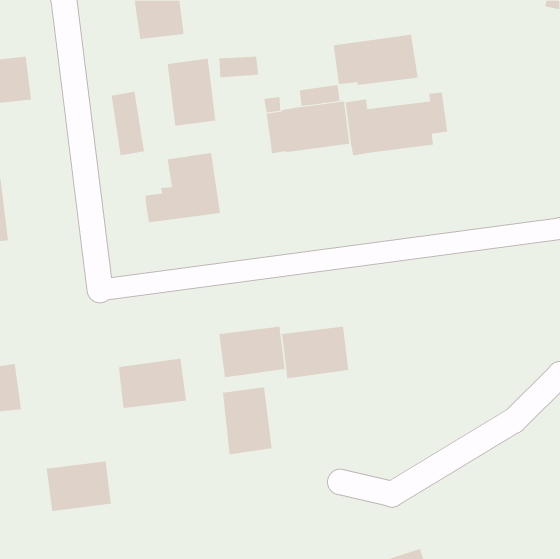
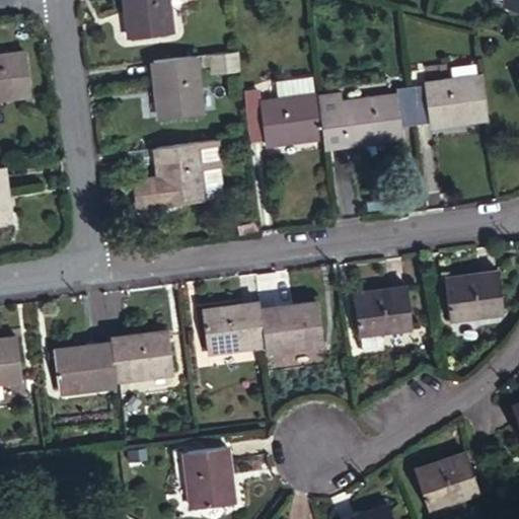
building: [333,34,418,86] -> [409,77,488,125]
building: [111,91,145,156] -> [196,139,227,199]
building: none -> [444,272,503,318]
building: none -> [354,287,412,349]
building: [222,387,273,455] -> [186,446,232,509]
building: [46,461,112,511] -> [54,345,115,391]
building: none -> [416,454,477,510]

